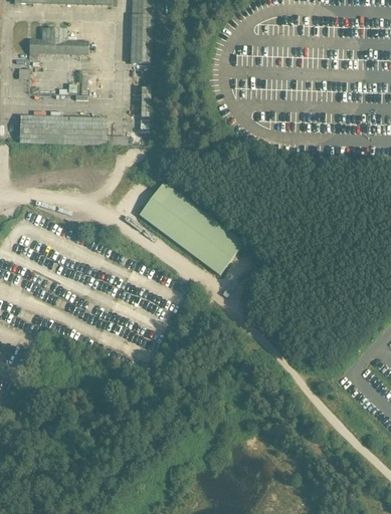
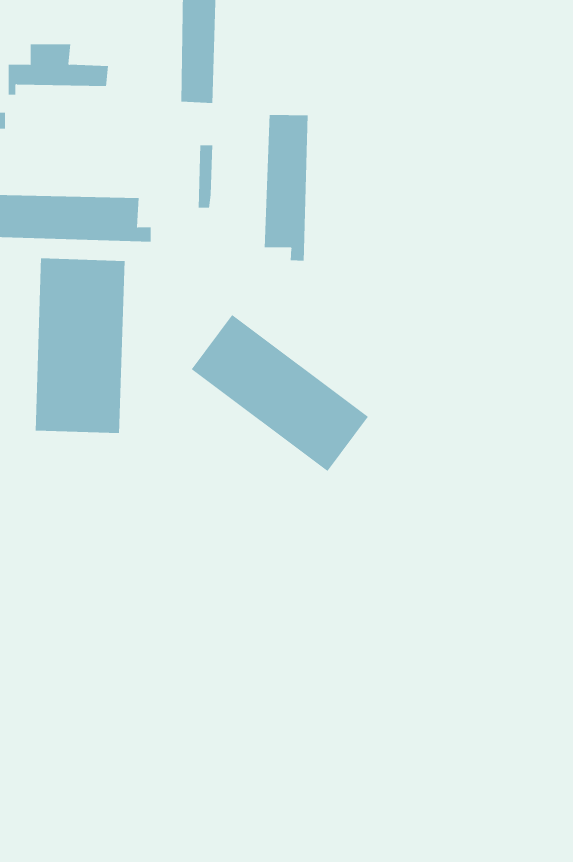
building: none -> [264,114,308,262]
building: none -> [35,258,125,434]

